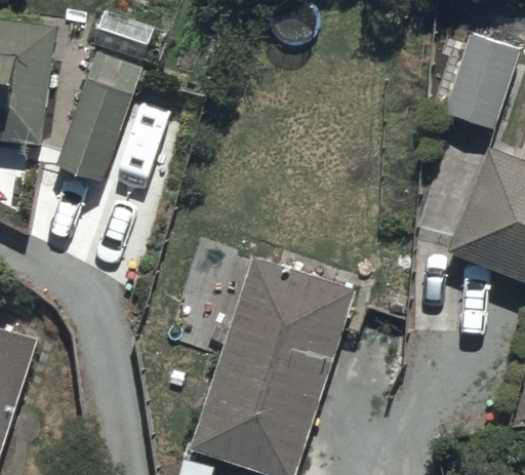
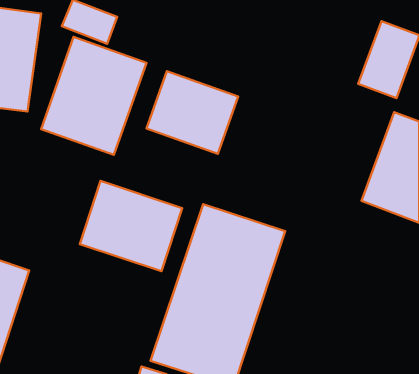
building: none -> [146,71,238,154]
building: none -> [80,181,182,271]

